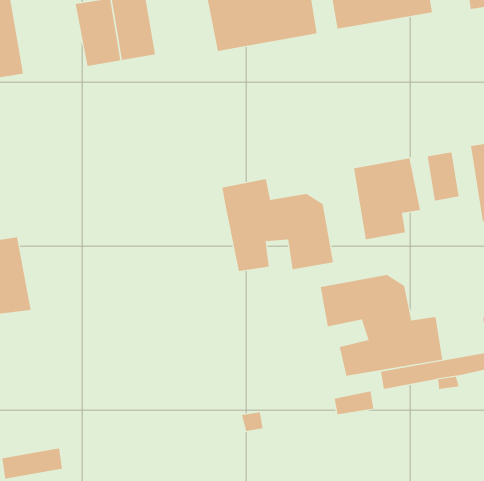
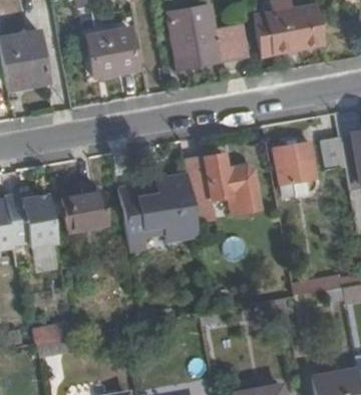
building: none -> [117,172,198,253]
building: none -> [60,190,104,229]
building: [320,274,443,377] -> none

